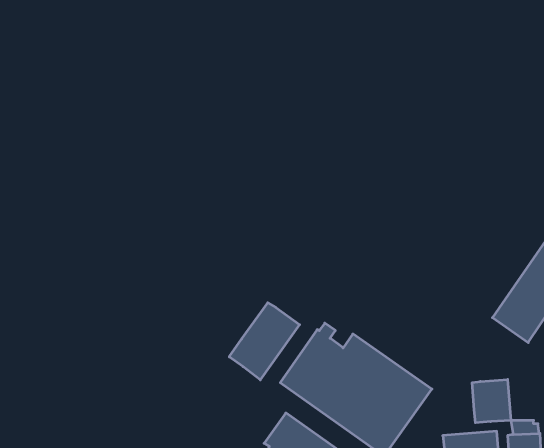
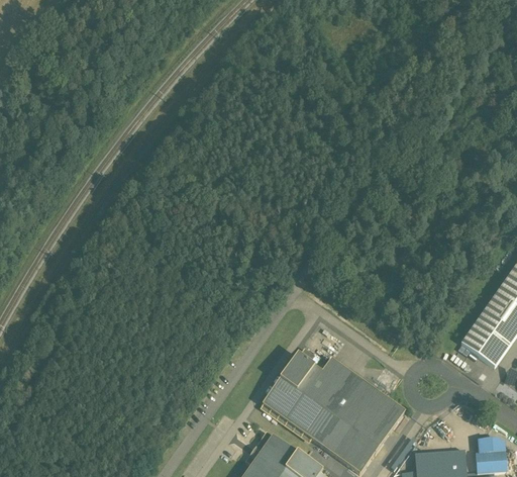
building: [229,303,300,380] -> none
building: [472,379,511,423] -> none

